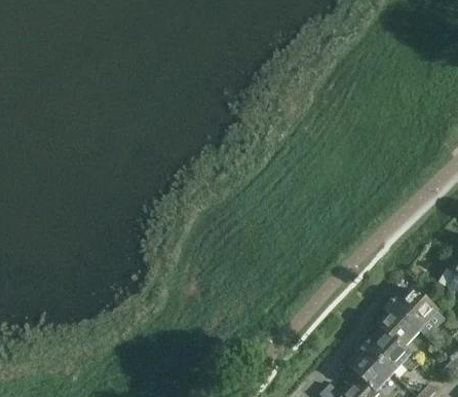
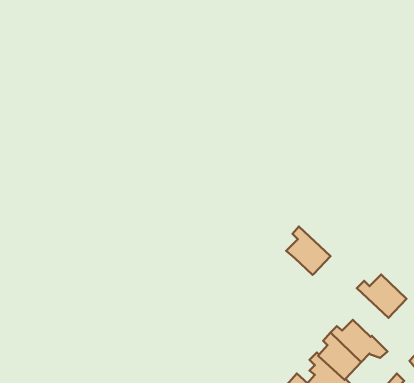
building: [376,301,419,349] -> [286,227,331,275]

